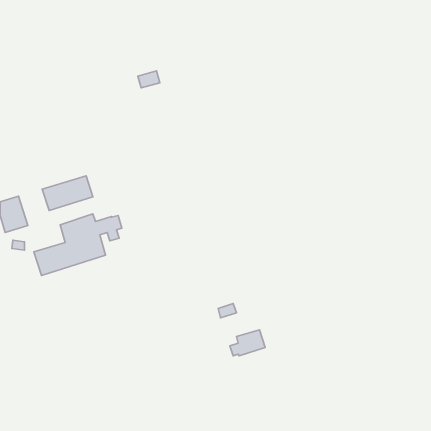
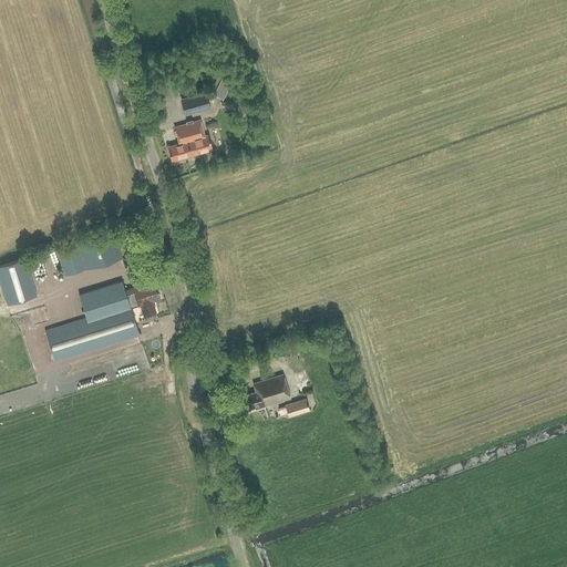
building: none -> [168,122,213,162]
building: [230,330,265,356] -> [245,375,291,410]

